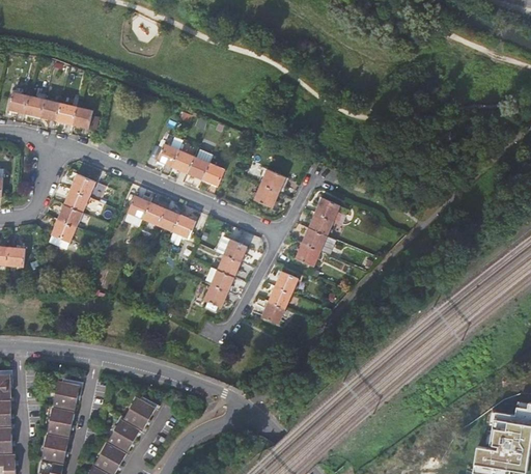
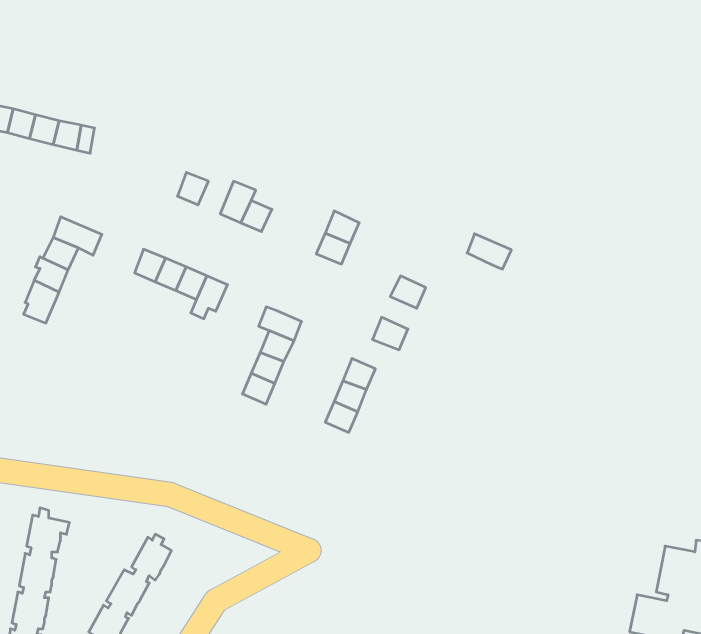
building: [172,142,197,171] -> none
building: [314,201,345,226] -> [467,234,511,269]
building: [301,229,335,255] -> none

